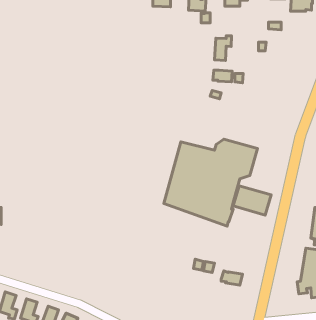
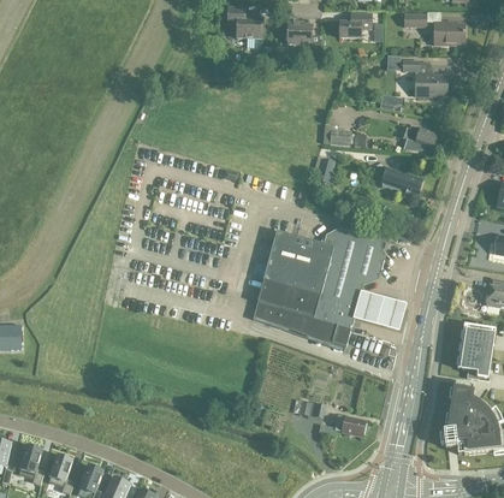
building: none -> [415,73,446,95]
building: [215,36,231,61] -> none
building: none -> [399,124,437,149]
building: none -> [380,167,422,191]

